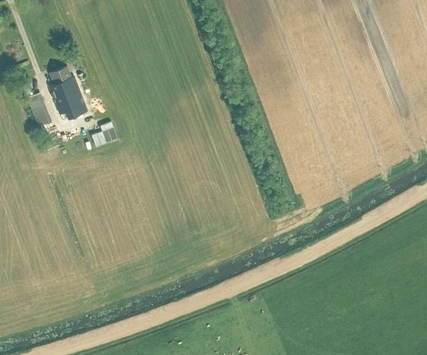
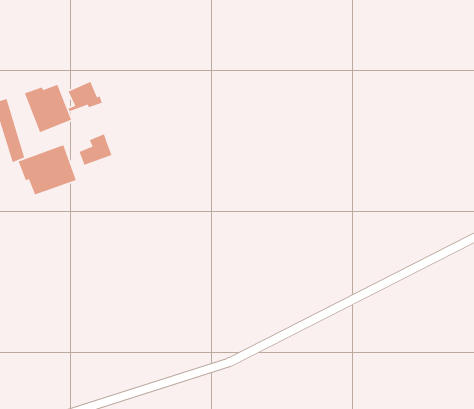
building: [51,65,78,89] -> [68,81,103,112]
building: none -> [17,144,77,196]

